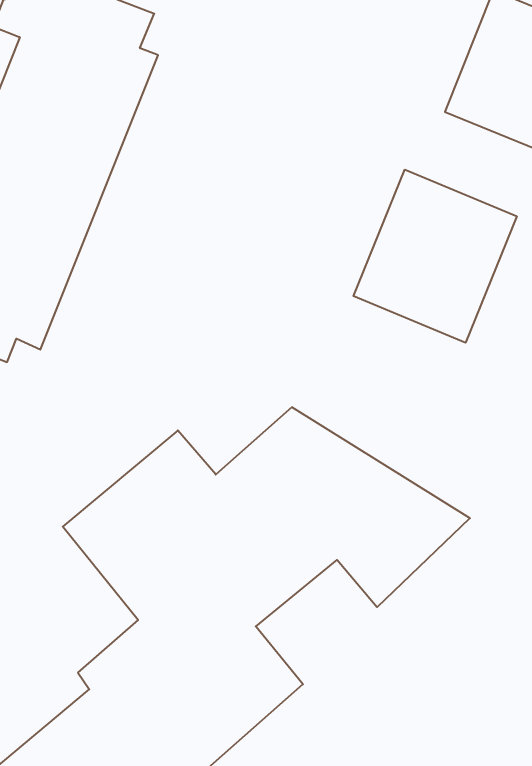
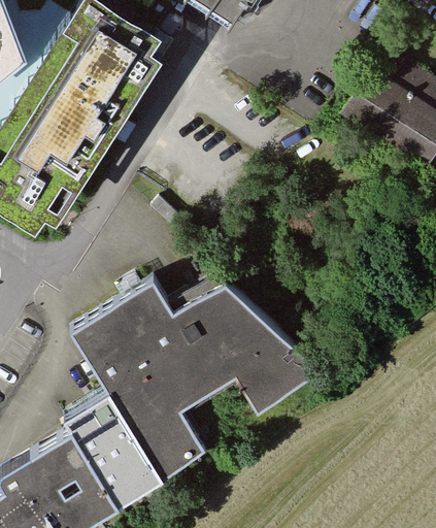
building: [353,170,517,343] -> none

